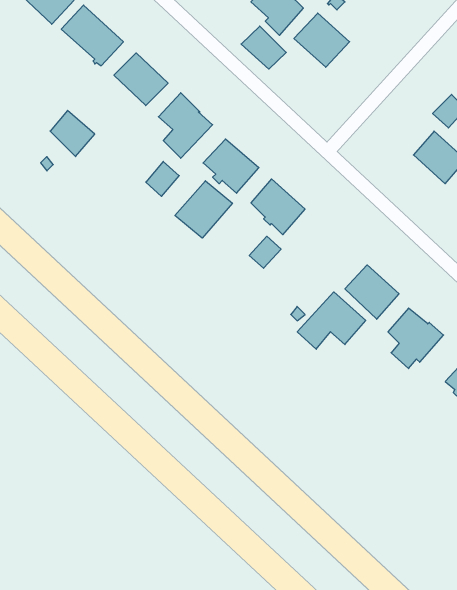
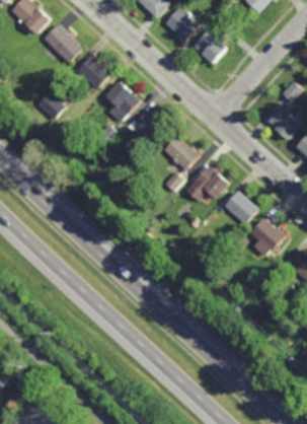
building: [241,26,286,69] -> none
building: [175,181,232,238] -> none
building: [297,292,366,349] -> [184,163,228,200]

